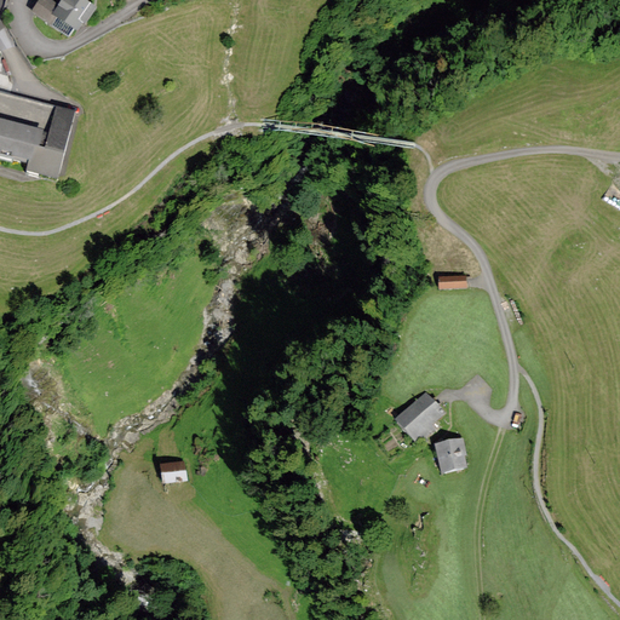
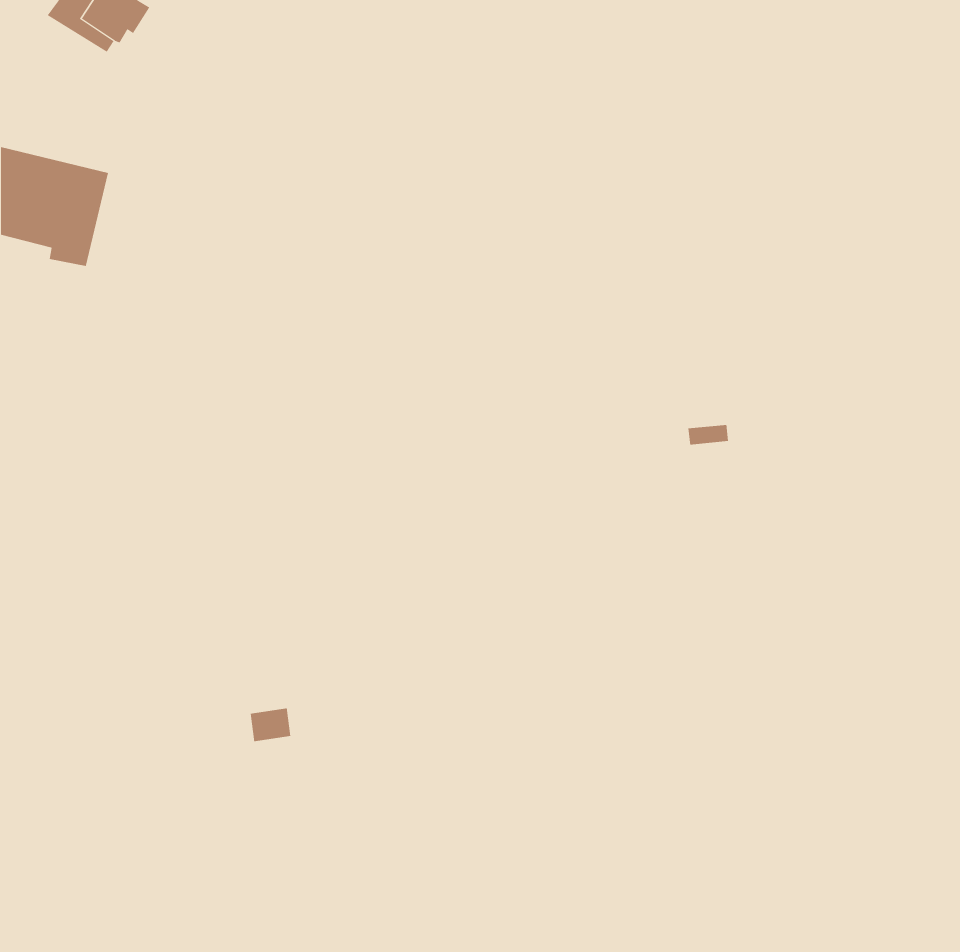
building: [394,389,444,442] -> none
building: [435,436,470,471] -> none

